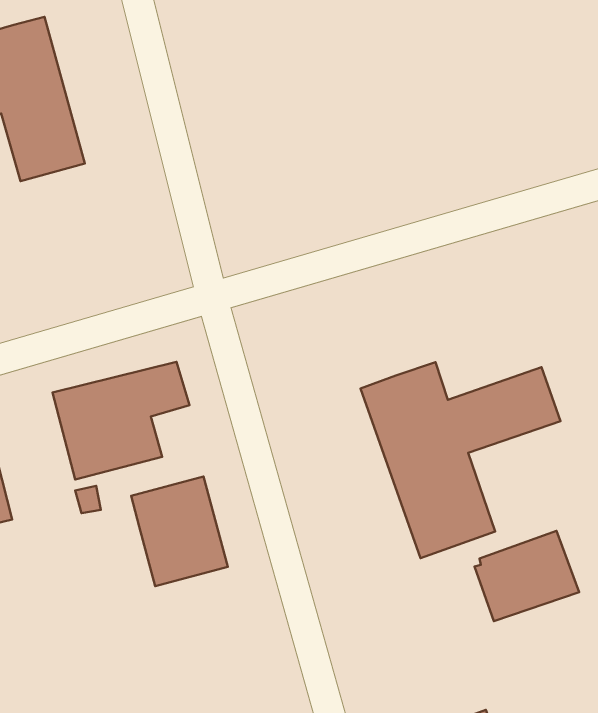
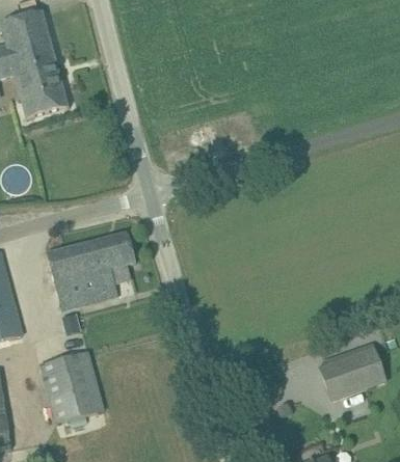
building: [361,362,561,558] -> none
building: [131,476,228,586] -> [41,352,103,423]

